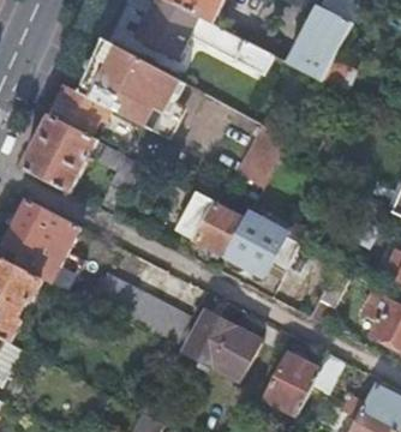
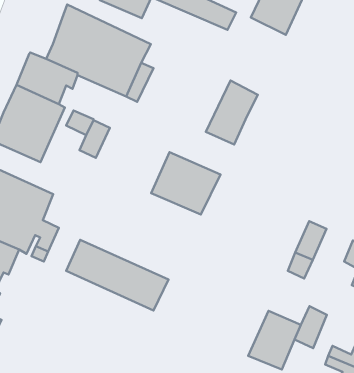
building: [225,212,298,277] -> none
building: [181,308,259,378] -> none

